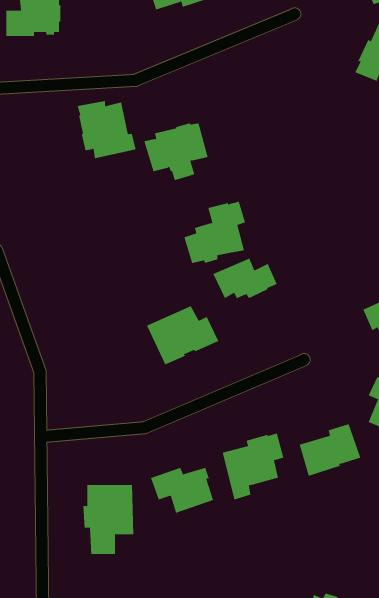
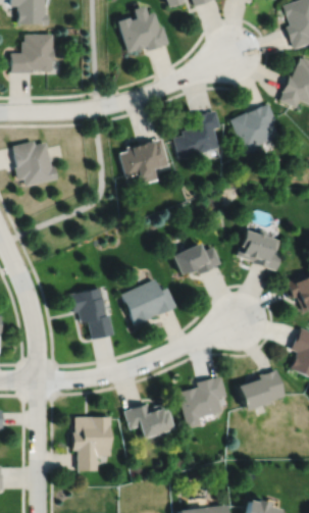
building: none -> [230,103,280,154]
building: [77,100,136,159] -> [12,141,58,186]
building: [184,201,246,264] -> [173,110,221,158]
building: none -> [238,229,282,270]
building: none -> [69,288,114,340]

